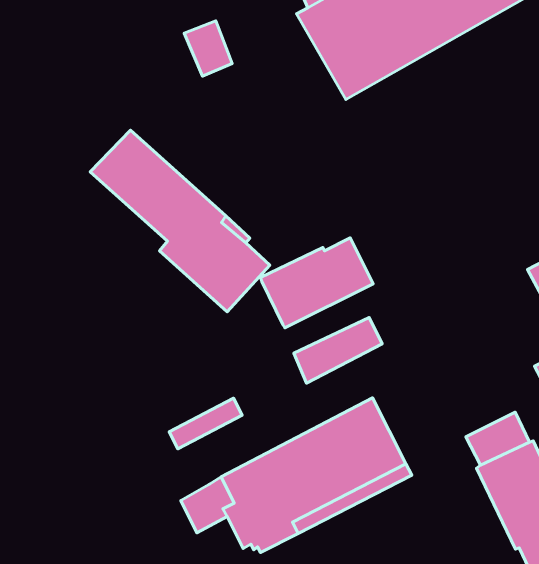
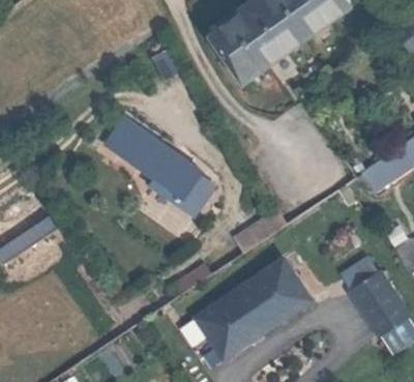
building: [261,238,373,328] -> none

